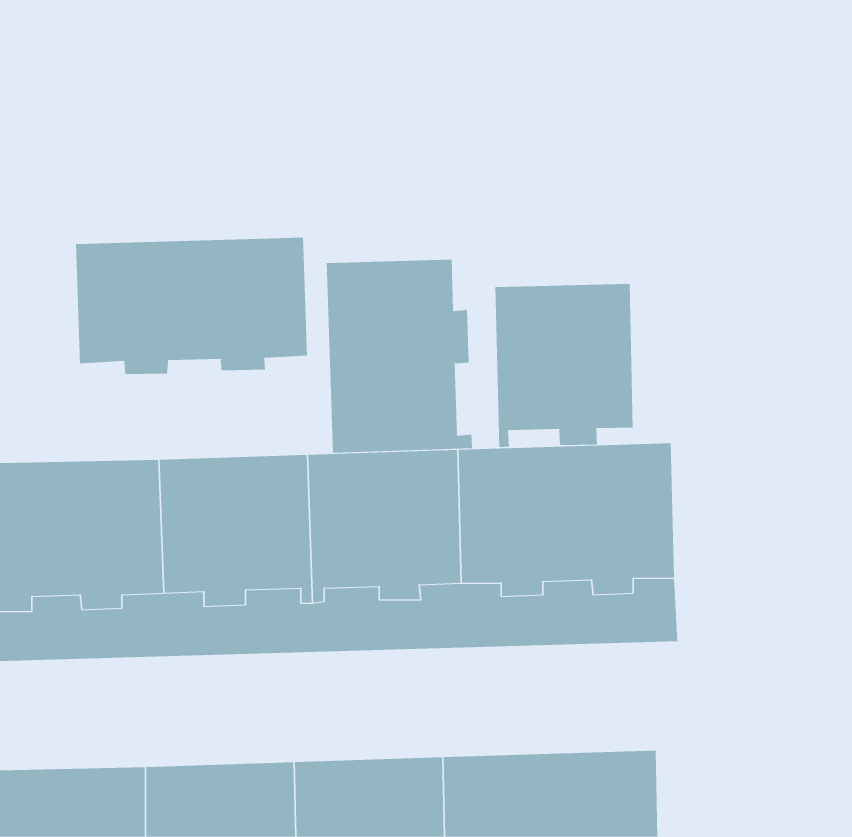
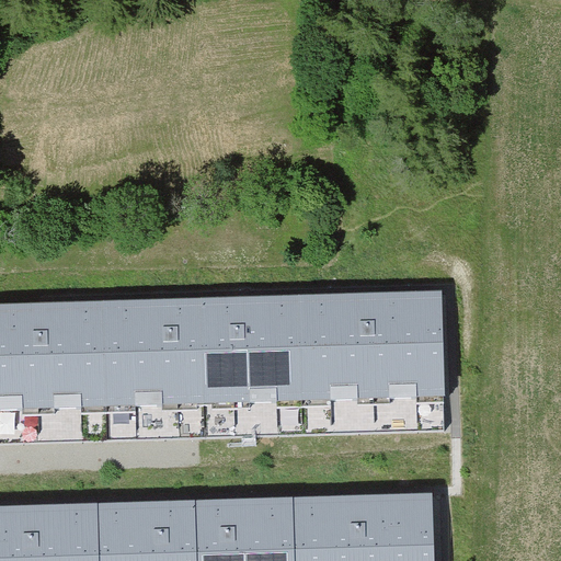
building: [75,237,308,375] -> none
building: [326,259,473,454] -> none
building: [495,283,633,448] -> none

